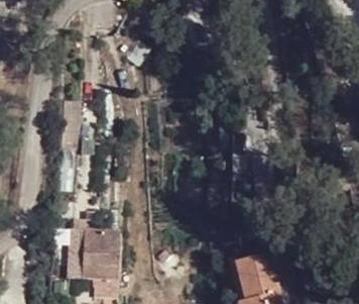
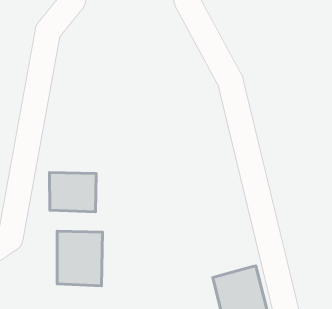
building: none -> [49,173,96,212]

